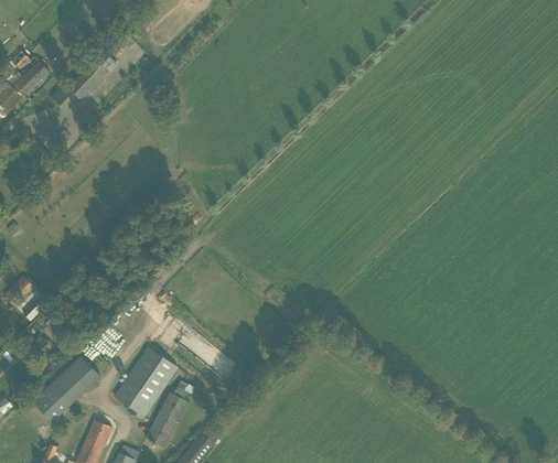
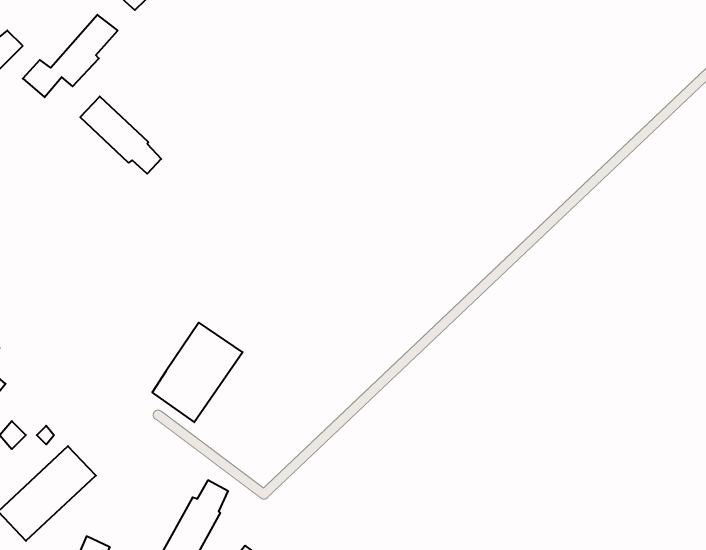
building: none -> [80,96,161,174]
building: [115,346,179,417] -> [152,323,243,422]

